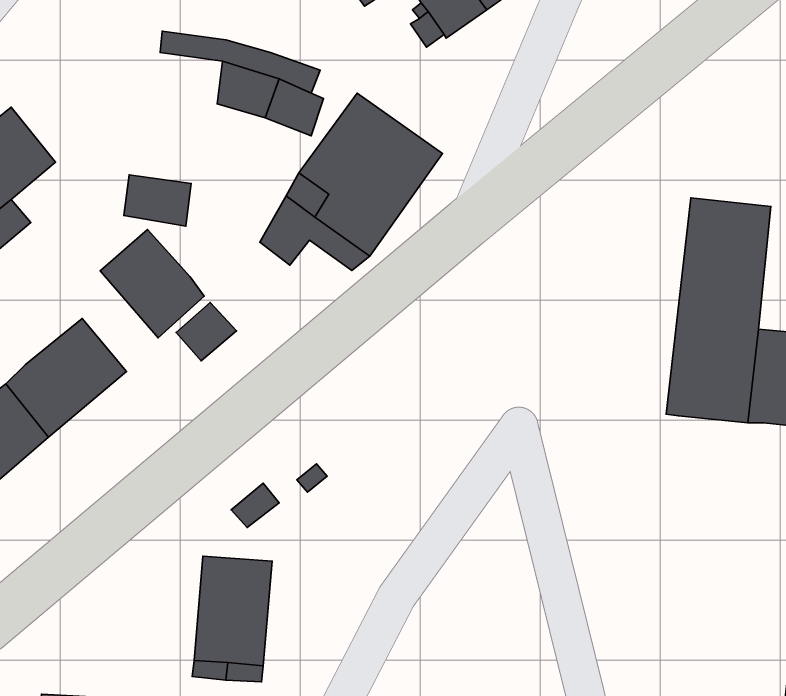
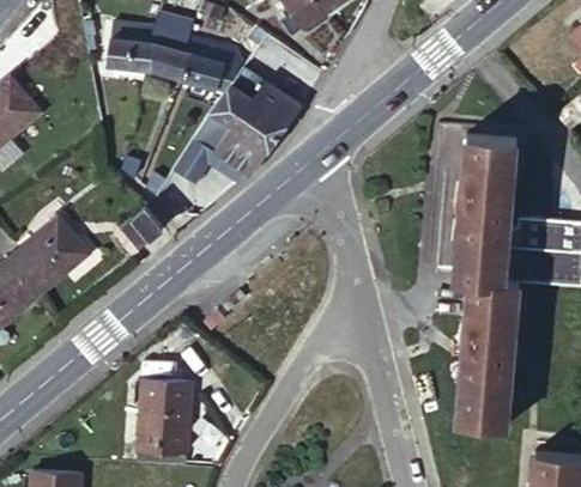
building: [124,175,191,226] -> [108,36,153,71]
building: [100,230,204,338] -> none
building: none -> [447,281,519,430]

